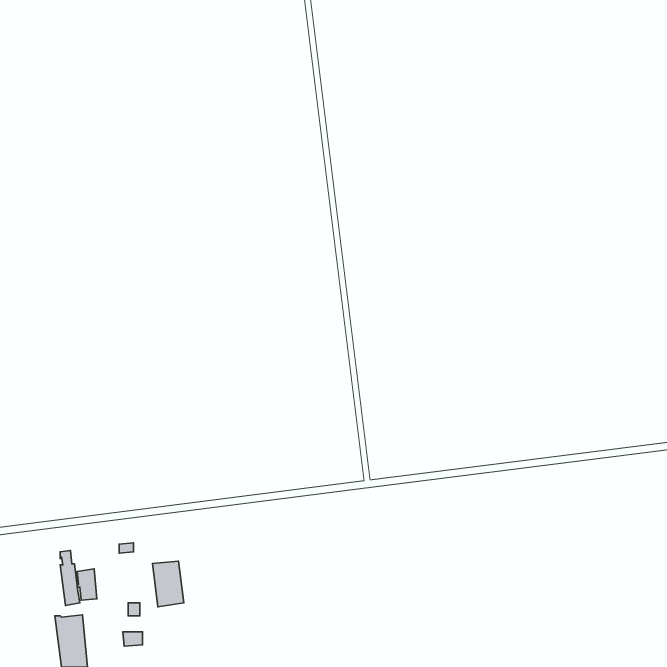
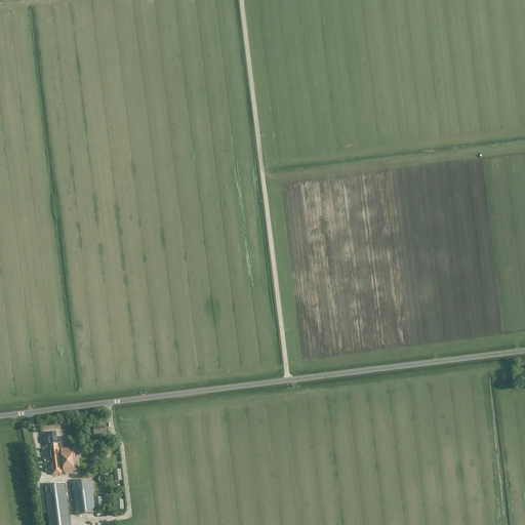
building: [152,561,184,607] -> [72,479,96,515]

